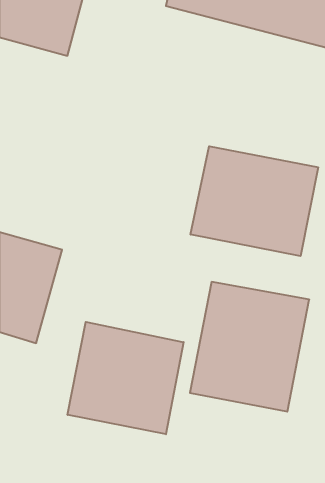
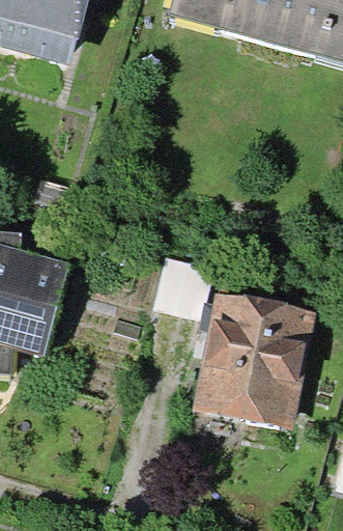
building: [191,146,318,256] -> none
building: [68,322,184,434] -> none

